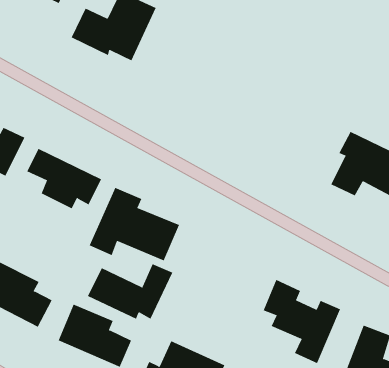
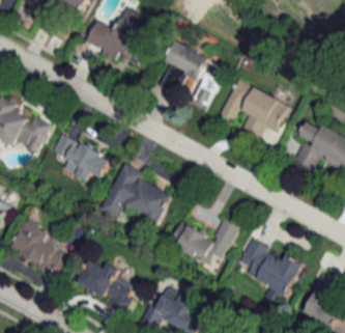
building: none -> [160,43,226,111]
building: none -> [221,79,304,141]
building: [87,264,173,319] -> [170,219,238,263]

